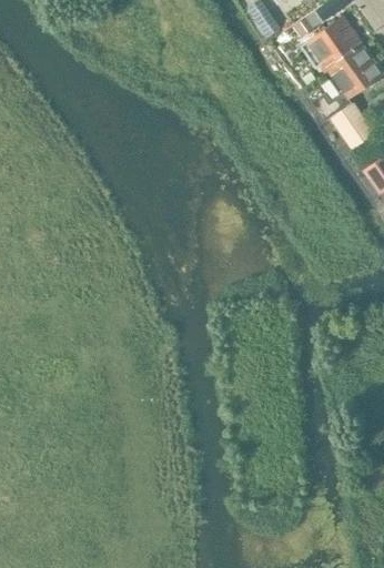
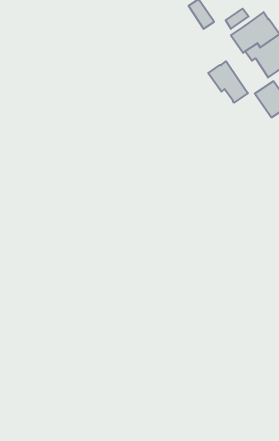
building: none -> [208,61,248,103]

